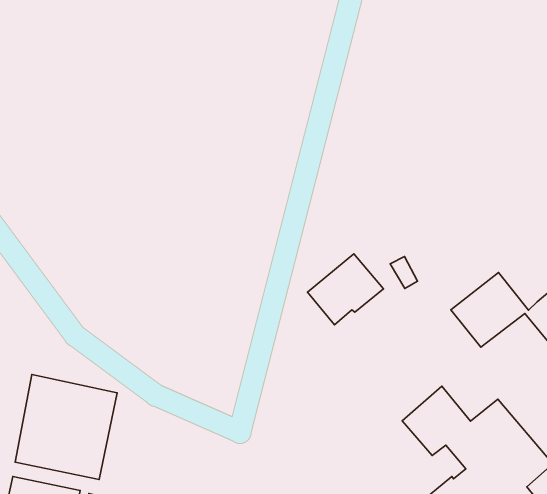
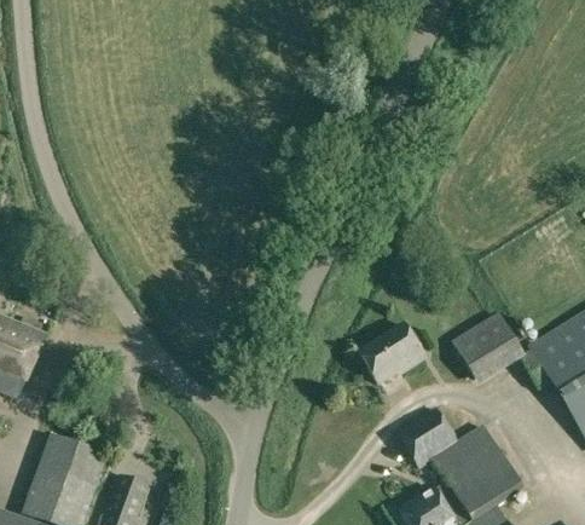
building: [308,254,384,325] -> [358,324,424,383]
building: [15,375,117,480] -> none

